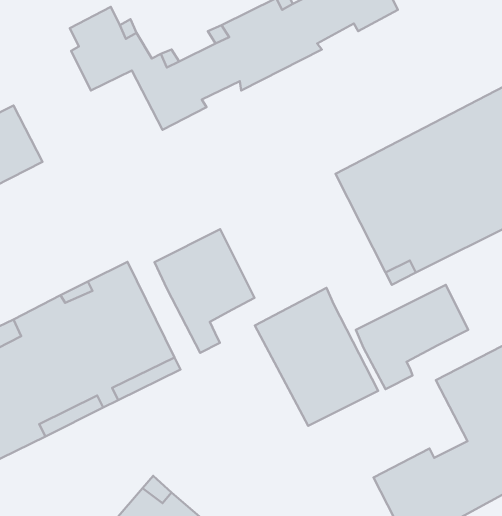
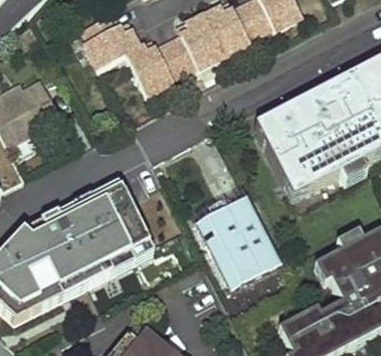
building: [155,229,255,353] -> none
building: [356,285,468,389] -> none

